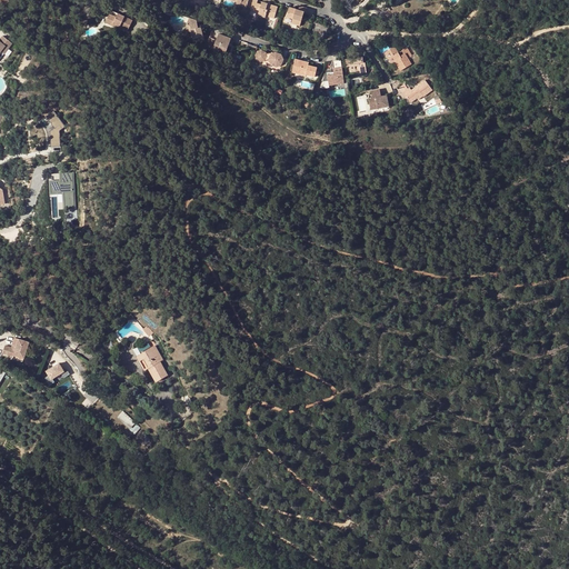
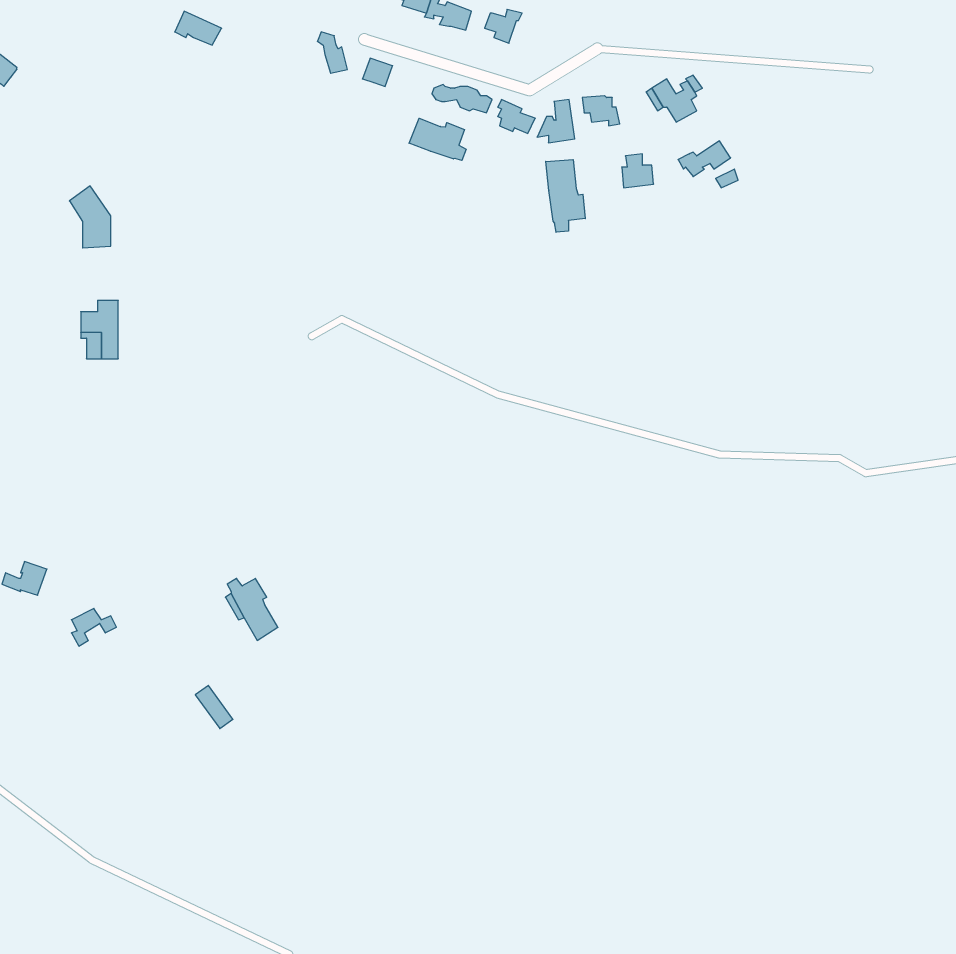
building: none -> [409,118,466,160]
building: none -> [546,160,585,232]

